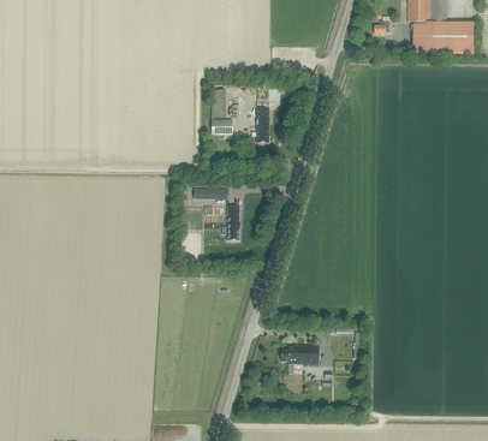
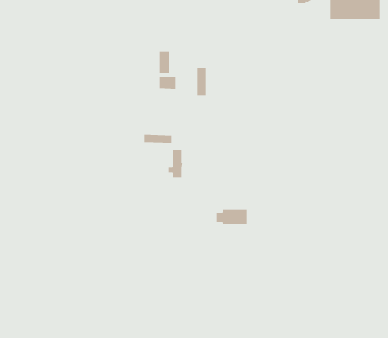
building: [281,345,319,363] -> [216,209,247,225]

